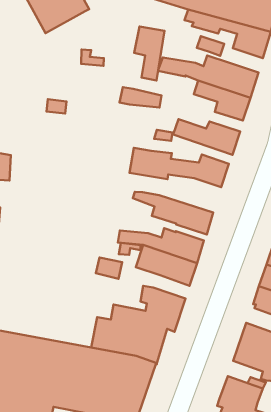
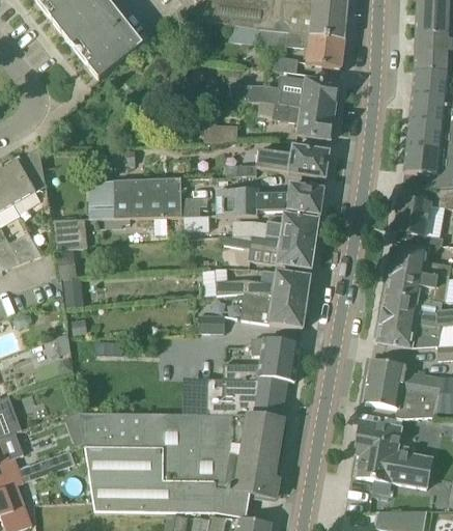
building: [134,27,165,80] -> none
building: none -> [89,178,208,220]
building: none -> [233,214,319,245]

